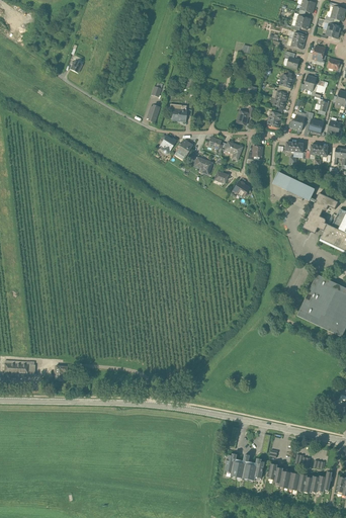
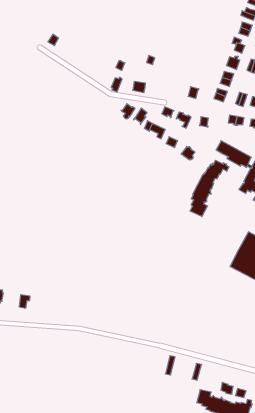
building: none -> [190,160,229,217]
building: [226,453,265,481] -> none

